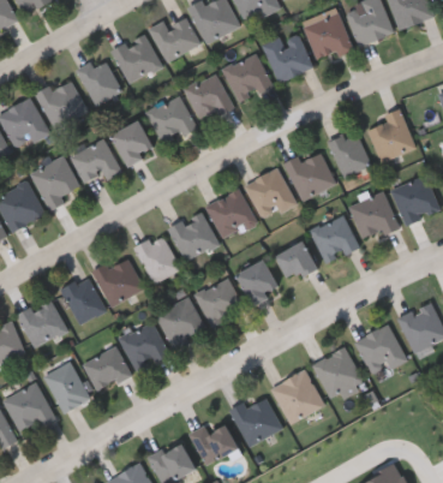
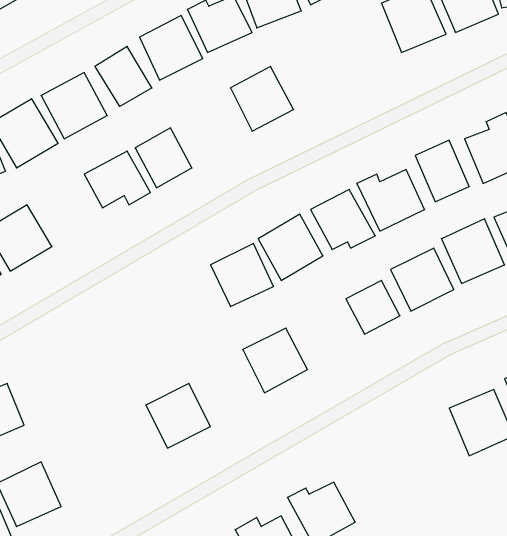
building: [263,30,313,83] -> none
building: [223,53,273,102] -> none
building: [148,95,197,145] -> none
building: [30,156,82,208] -> none
building: [134,233,180,282] -> none
building: [94,255,144,305] -> none
building: [237,258,280,304] -> none
building: [61,275,106,324] -> none
building: [155,296,208,348] -> none
building: [16,297,67,347] -> none
building: [83,346,131,392] -> none
building: [313,347,364,400] -> none
building: [43,360,90,412] -> none
building: [271,369,325,423] -> none

